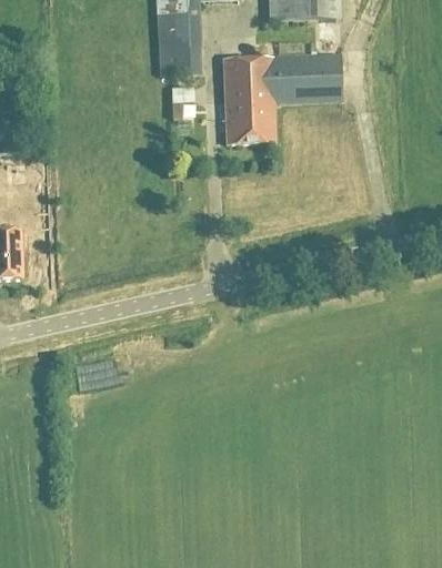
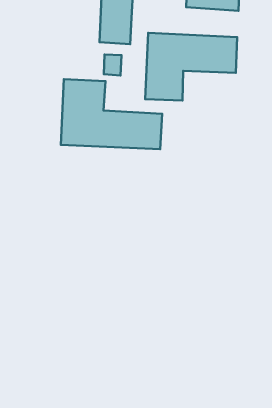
building: none -> [61,79,162,149]

